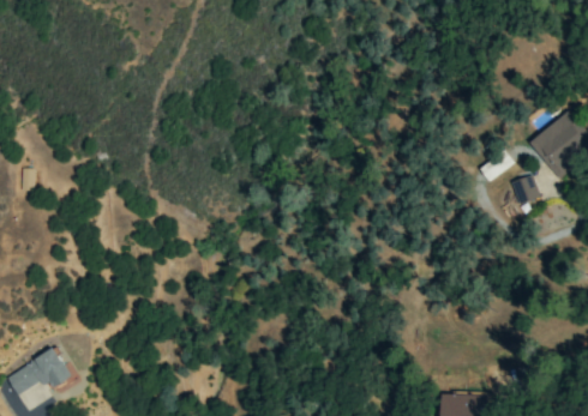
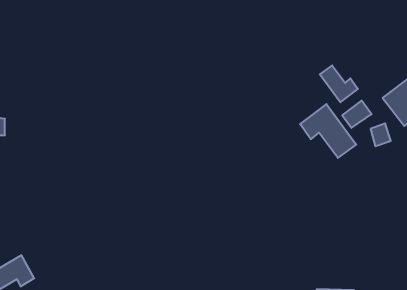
building: none -> [320,65,358,102]
building: none -> [300,104,356,158]

